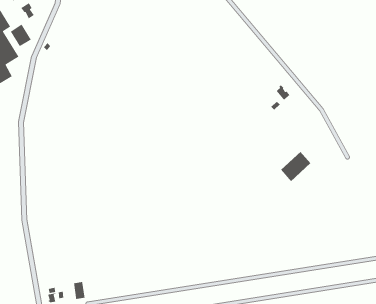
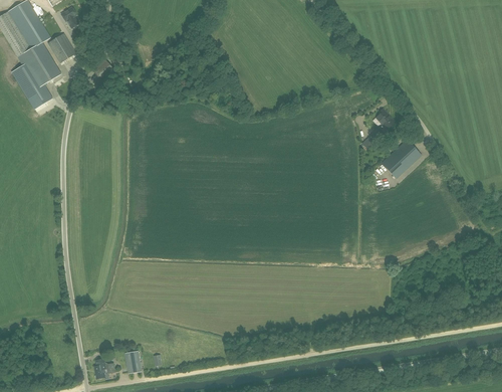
building: [280,151,311,182] -> [383,140,421,178]

